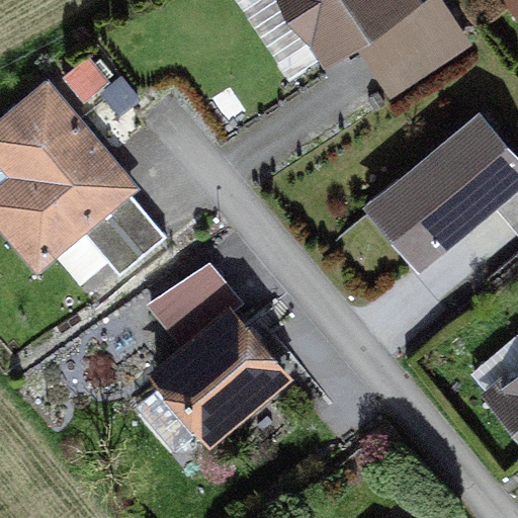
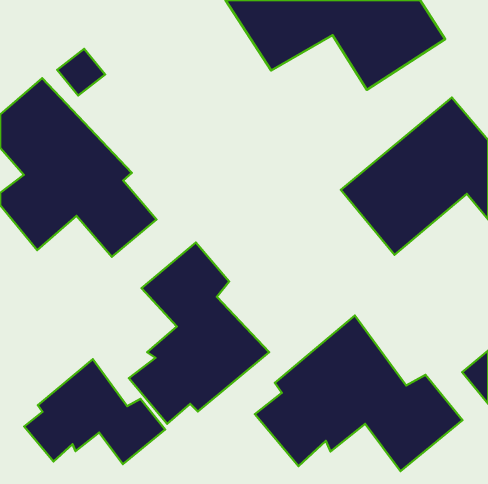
building: none -> [255,316,462,471]
building: none -> [24,359,165,464]

